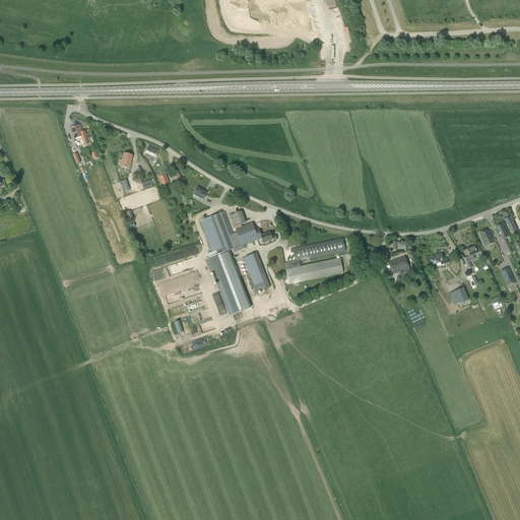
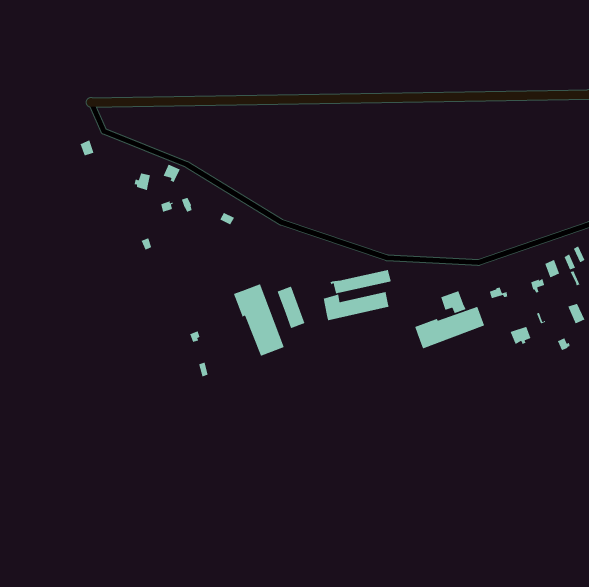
building: [200,210,272,256] -> none
building: none -> [414,306,485,349]

